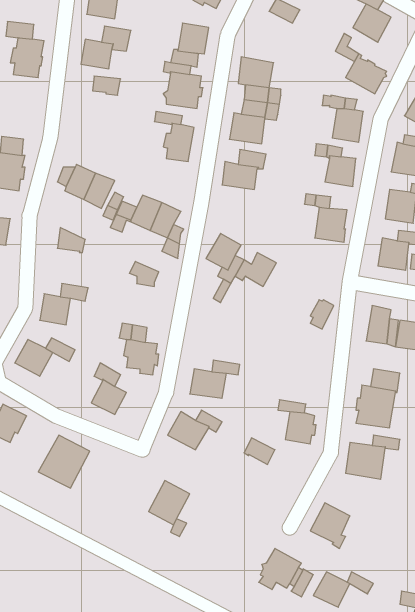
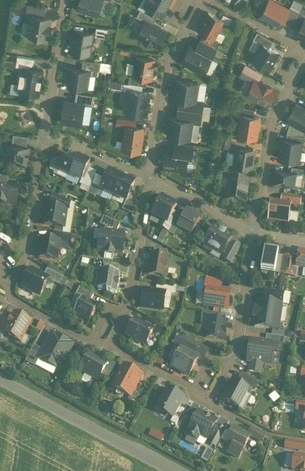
building: none -> [182,43,211,70]
building: none -> [62,98,84,122]
building: none -> [44,206,66,227]
building: none -> [204,226,232,254]
building: none -> [98,231,124,255]
building: none -> [148,254,168,277]
building: none -> [205,287,230,308]
building: none -> [171,347,198,375]
building: none -> [80,354,108,379]
building: none -> [156,388,184,419]

